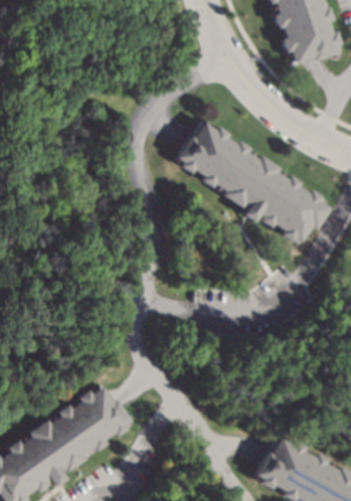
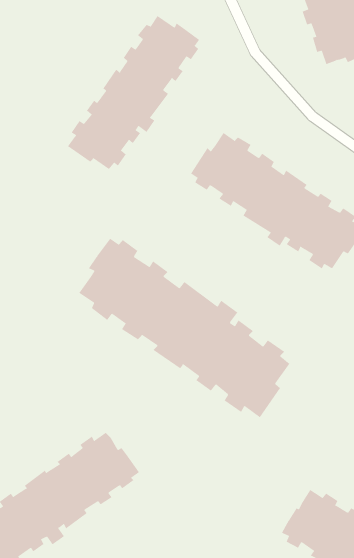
building: none -> [67,15,200,170]
building: none -> [79,238,290,418]

